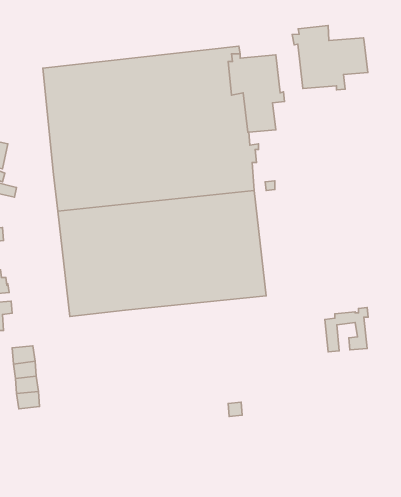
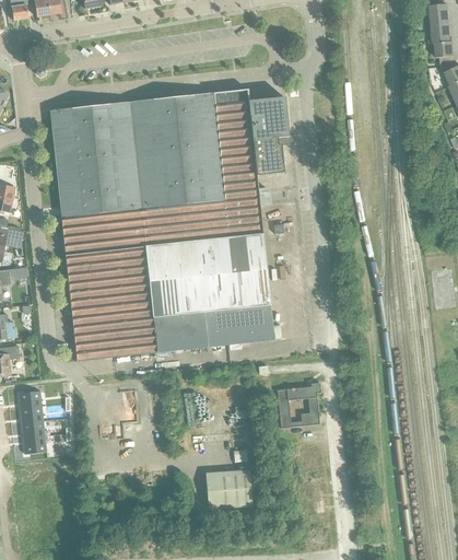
building: [292,26,368,90] -> none
building: [325,307,368,352] -> [277,383,320,428]
building: none -> [205,469,251,509]

